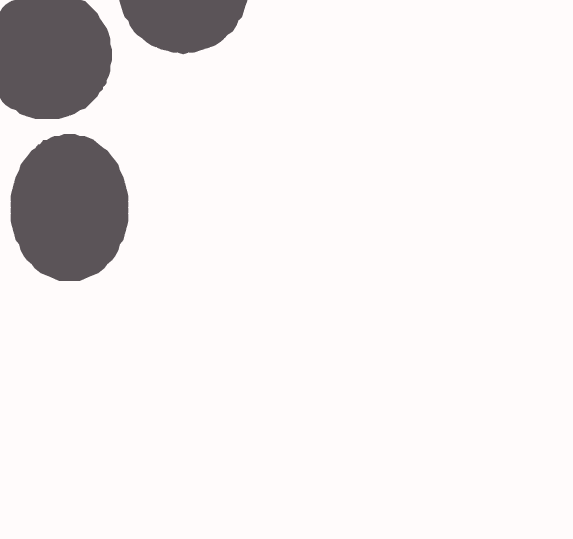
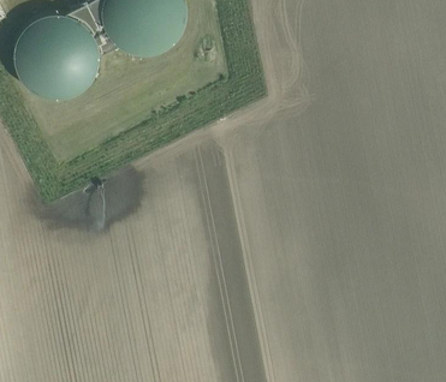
building: [10,133,129,282] -> none

